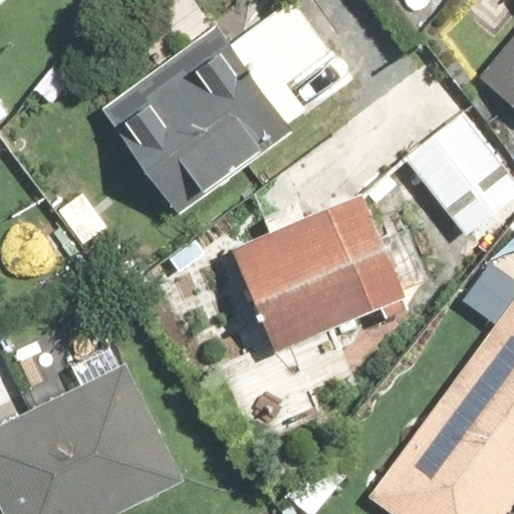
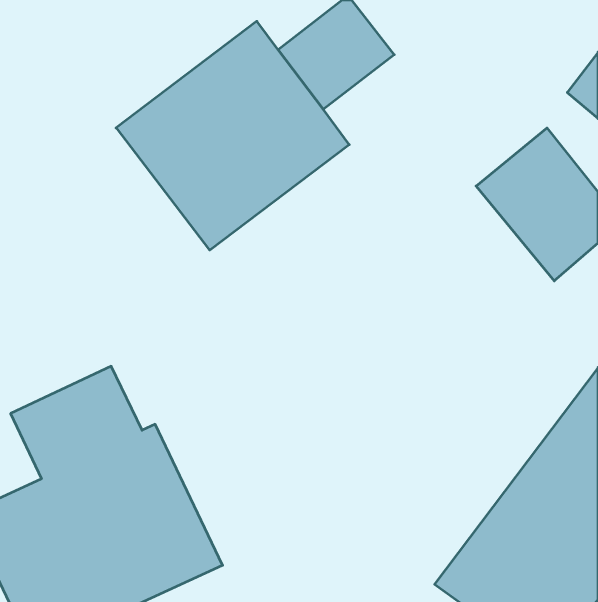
building: [231,194,411,355] -> none

